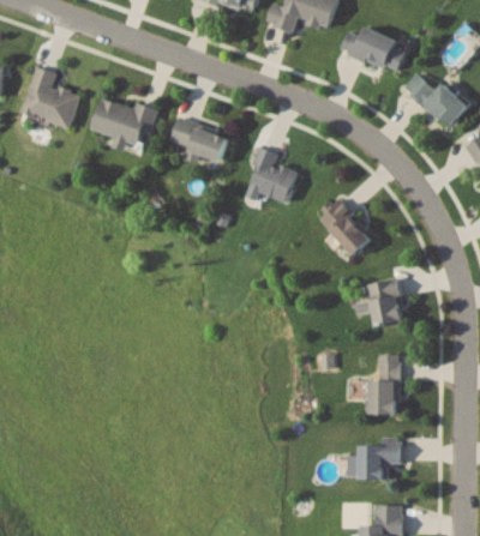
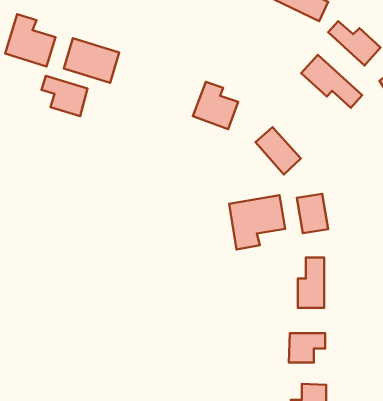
building: none -> [301,55,362,108]
building: [170,119,228,158] -> none
building: none -> [41,76,87,116]
building: none -> [229,195,285,249]

